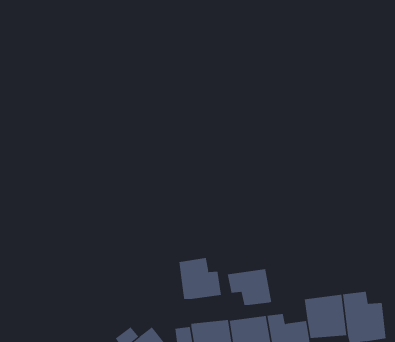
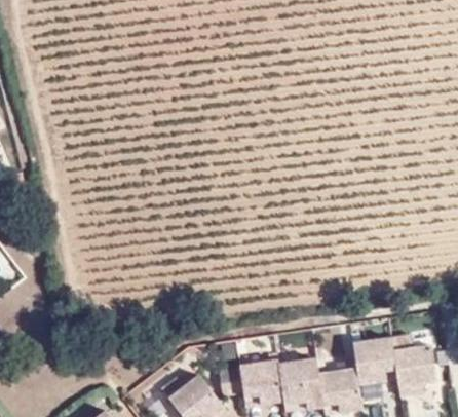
building: [179,257,221,300] -> none
building: [227,268,272,306] -> none

